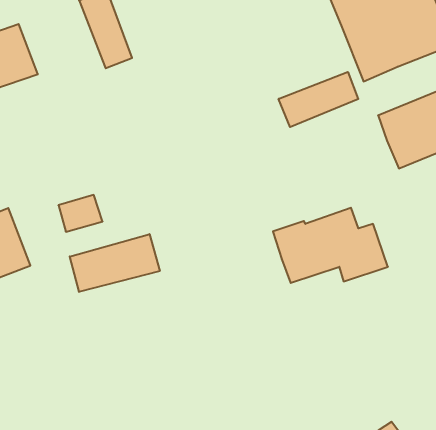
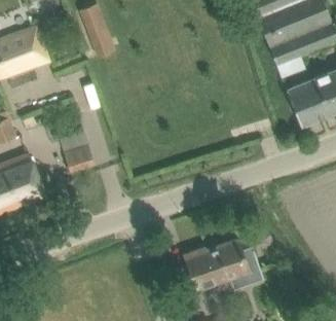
building: [279,72,358,127] -> none
building: [273,208,388,283] -> [183,238,263,290]
building: [70,234,160,292] -> none

